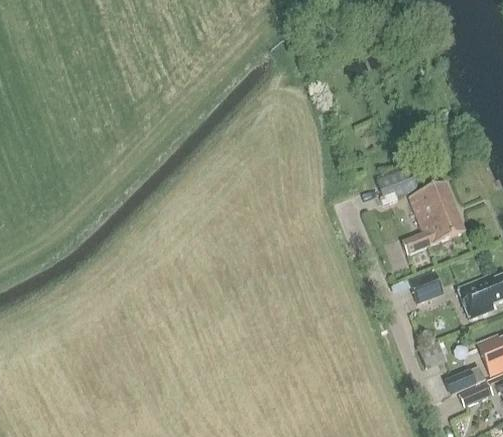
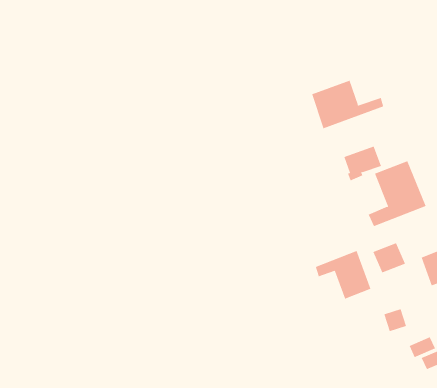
building: none -> [311,80,384,129]
building: none -> [315,250,371,299]

